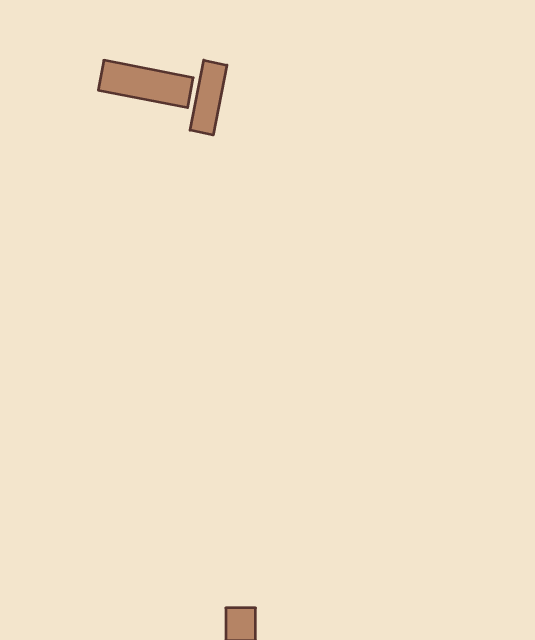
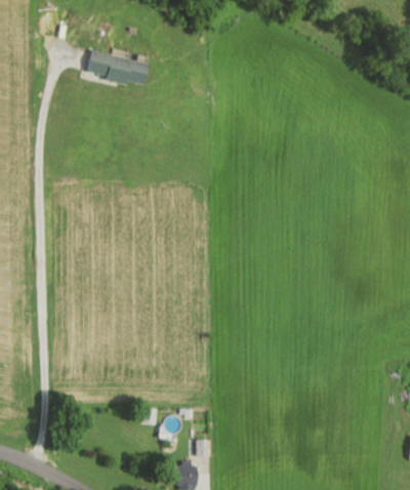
building: [190,60,227,135] -> none

